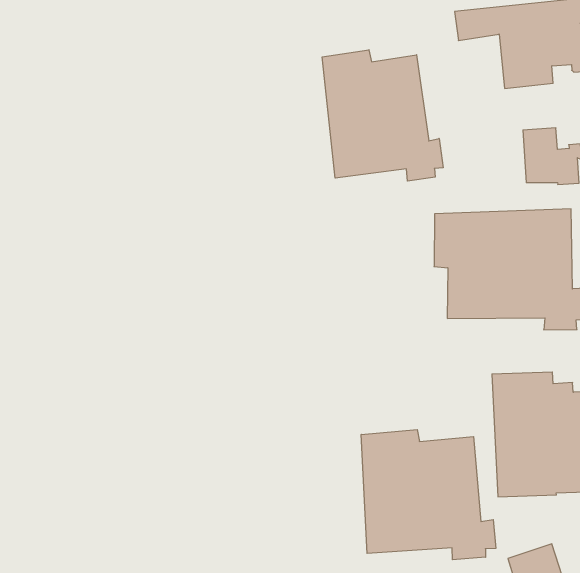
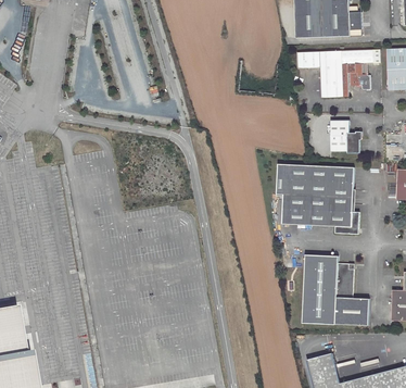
building: [322,50,443,181] -> none
building: [361,430,496,560] -> none

